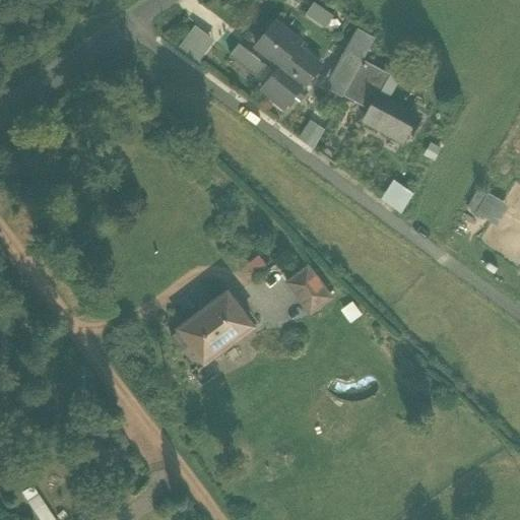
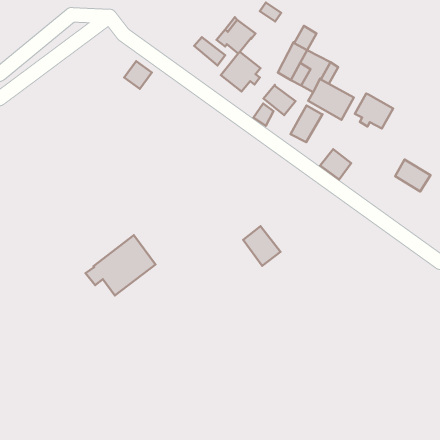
building: [180,26,212,59] -> [124,61,152,89]
building: [282,45,320,80] -> [264,85,295,115]
building: none -> [355,94,393,129]
building: none -> [291,105,323,142]
building: [170,290,252,362] -> [86,235,156,296]

